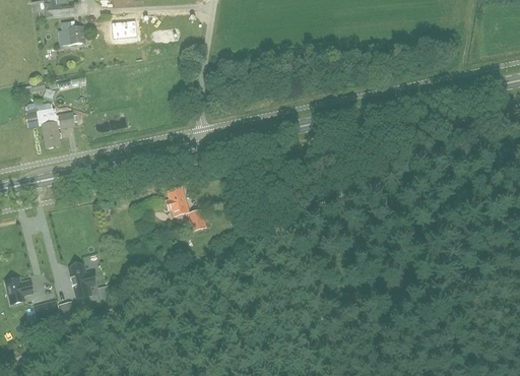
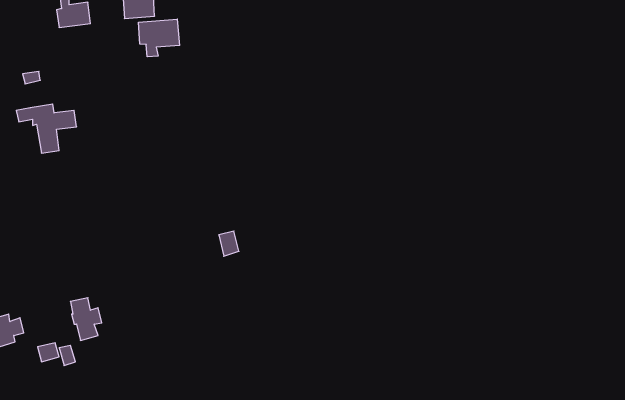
building: none -> [139,19,180,57]
building: [166,186,189,214] -> none

